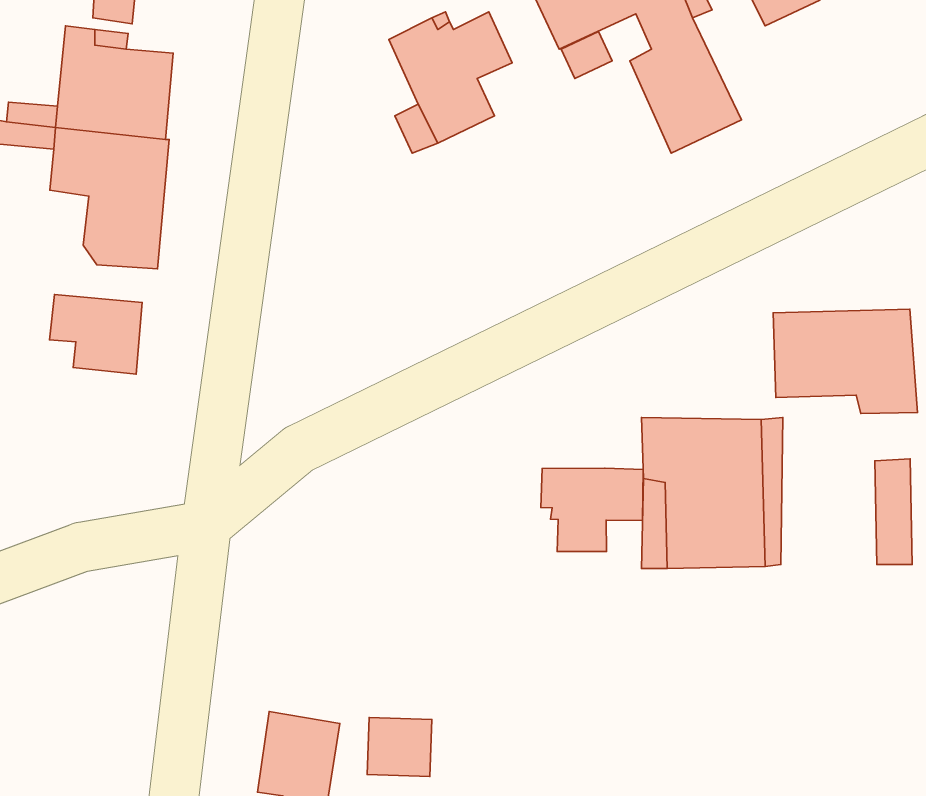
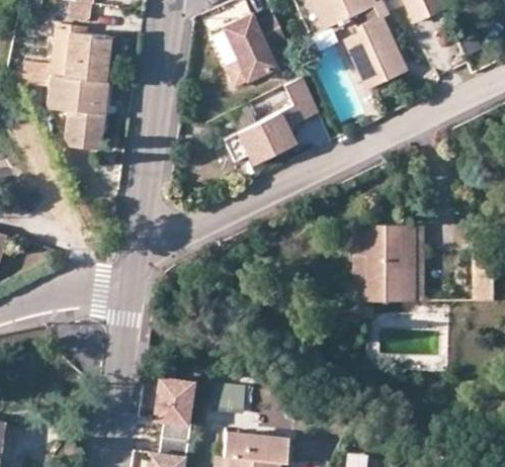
building: none -> [236,79,320,160]
building: [49,295,142,374] -> none
building: [773,309,918,414] -> none
building: [541,468,643,551] -> none

